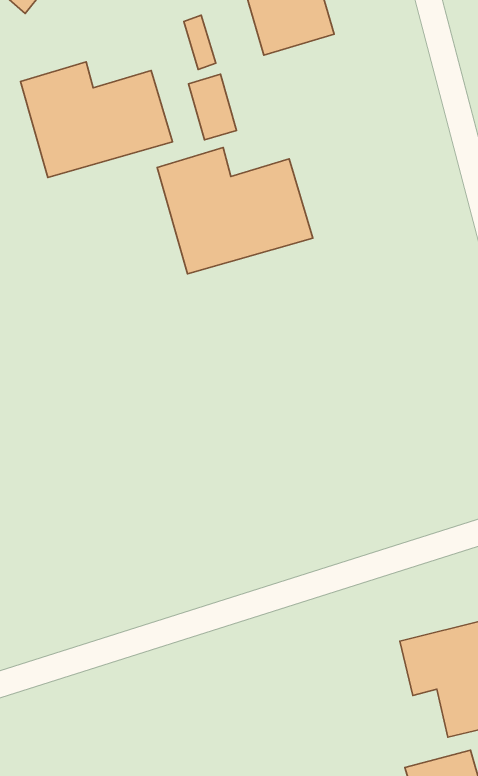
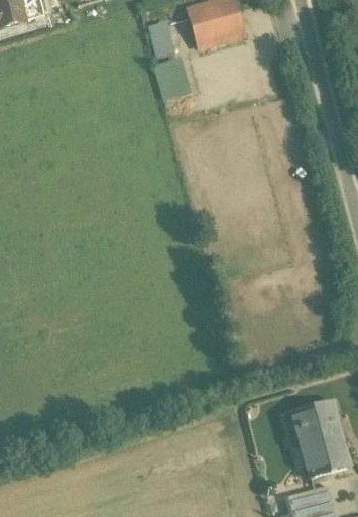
building: [20,62,173,178] -> none
building: [157,148,313,274] -> none

